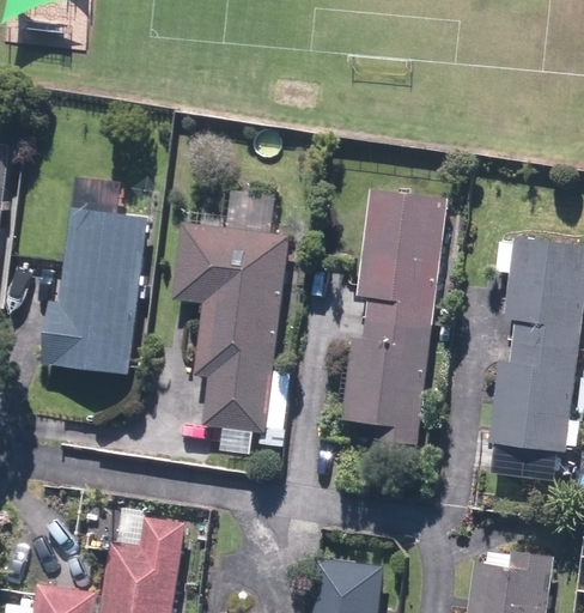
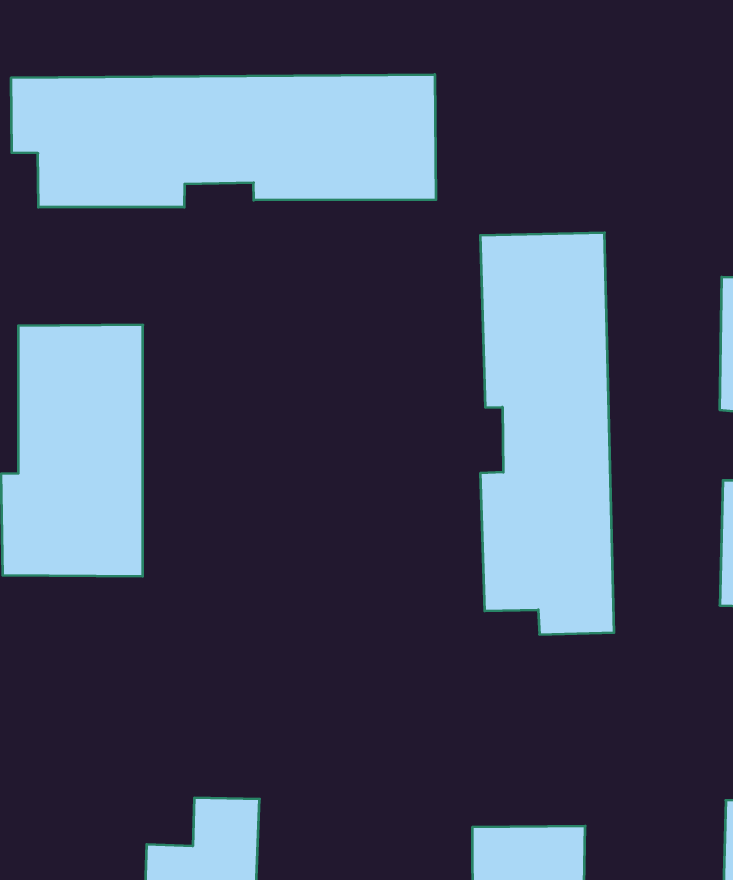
building: none -> [11,74,436,207]
building: [172,223,288,433] -> none

